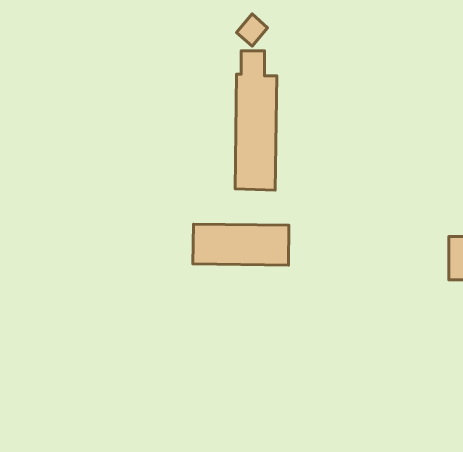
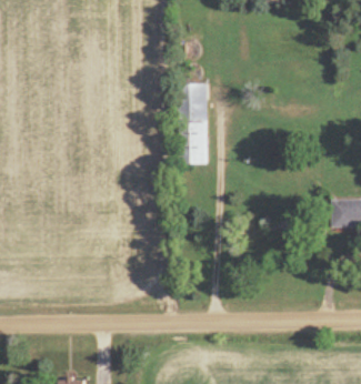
building: [193,224,289,265] -> none

